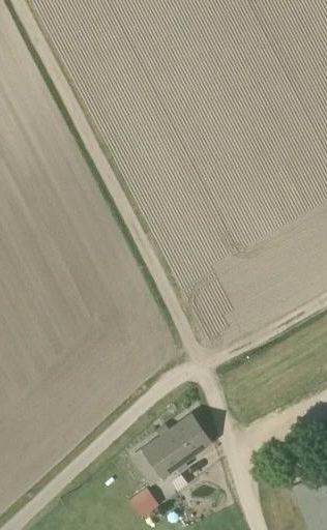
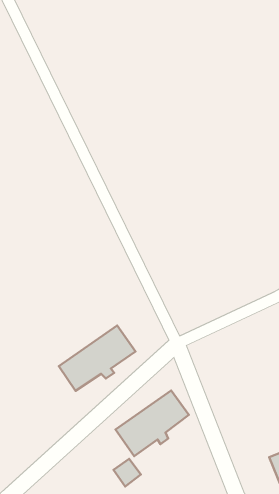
building: none -> [59,325,135,391]

